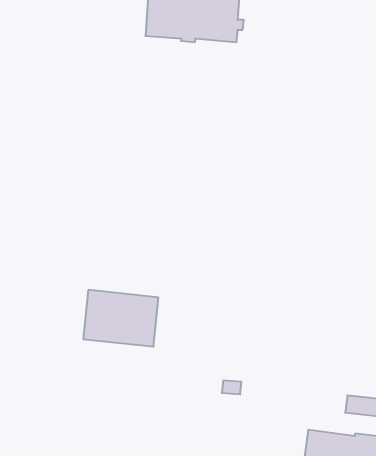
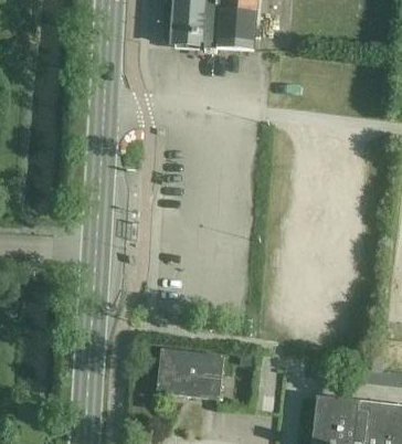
building: [83,290,158,347] -> [155,350,222,401]

